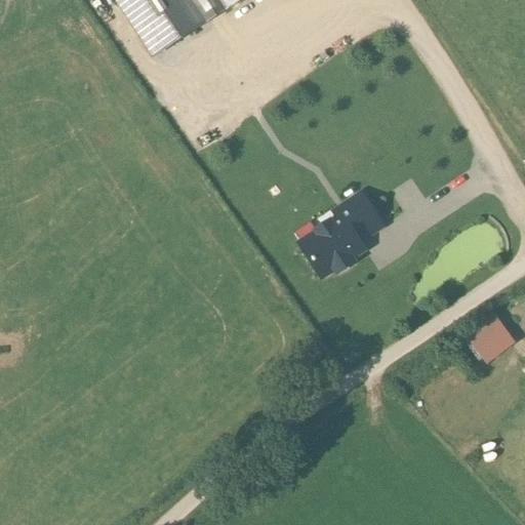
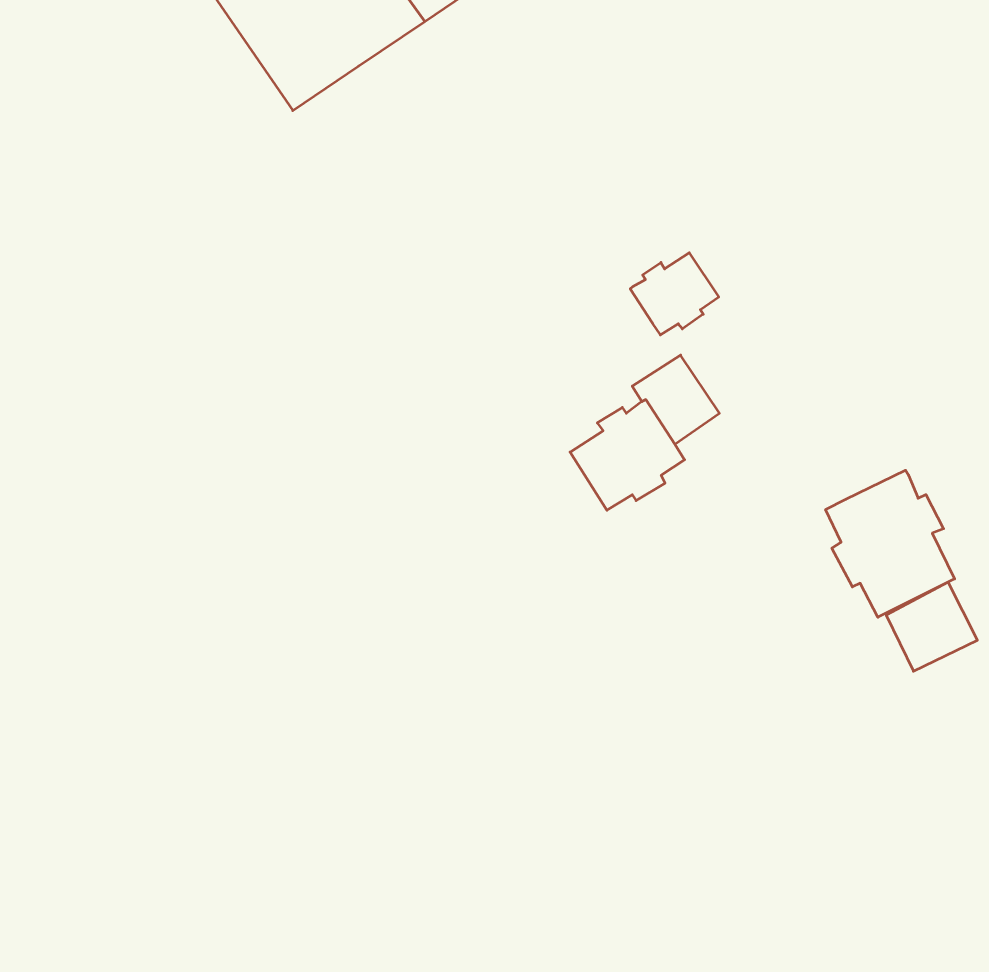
building: none -> [630,253,719,335]
building: none -> [826,470,955,617]

